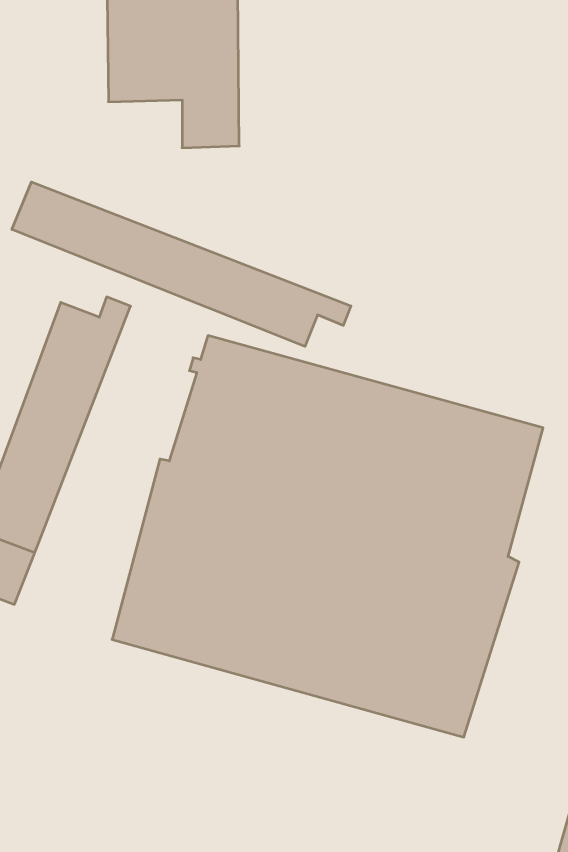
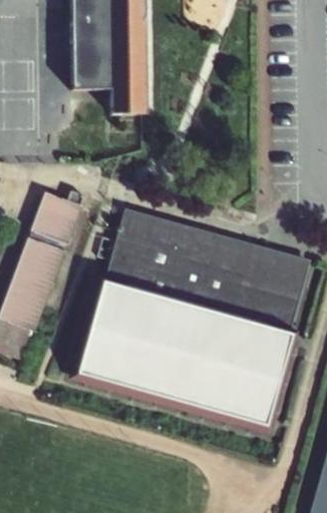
building: [12,182,351,346] -> none

